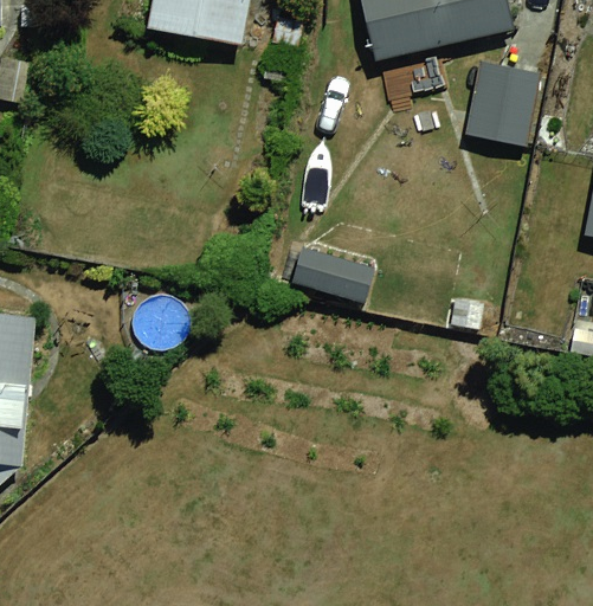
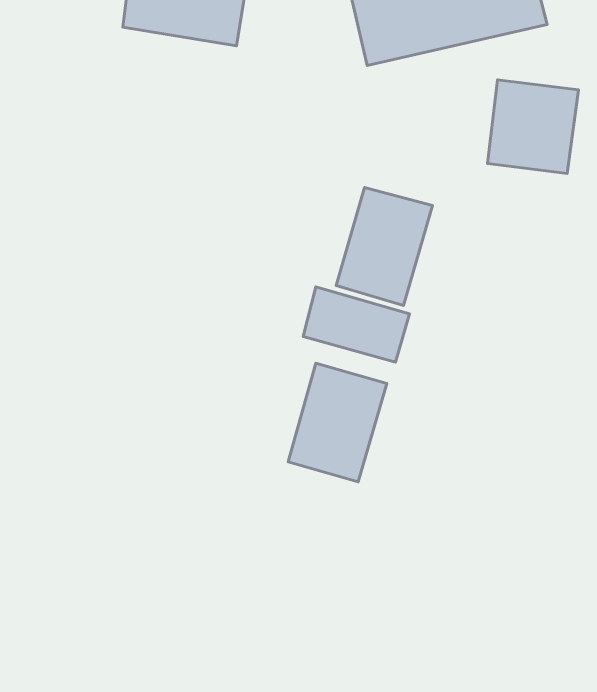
building: none -> [336,187,432,306]
building: none -> [288,363,387,482]

